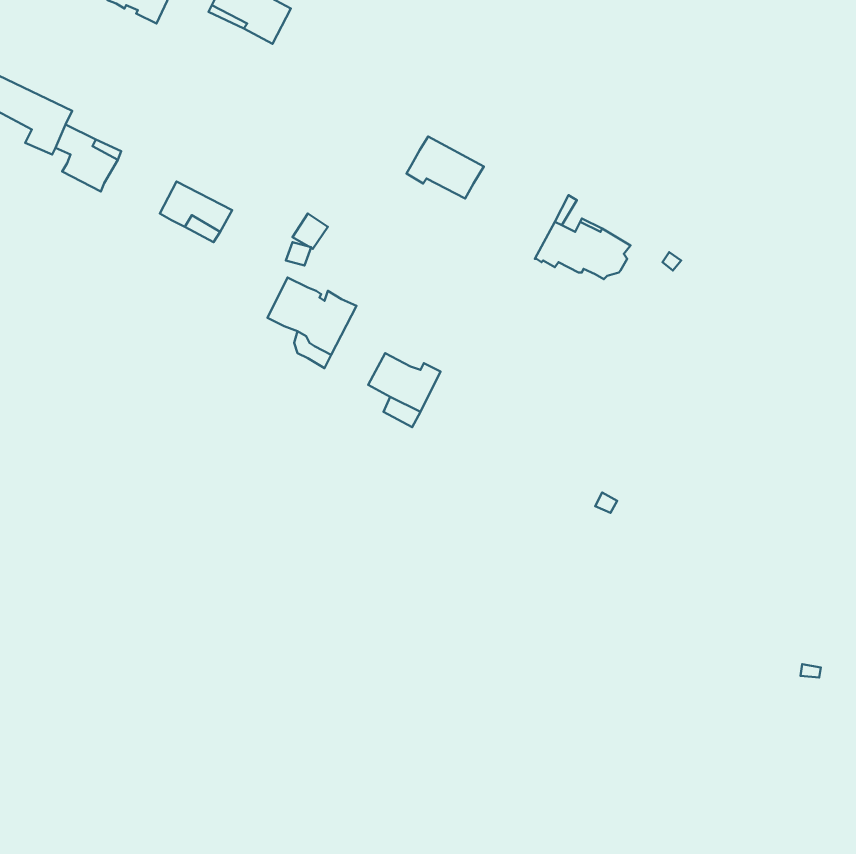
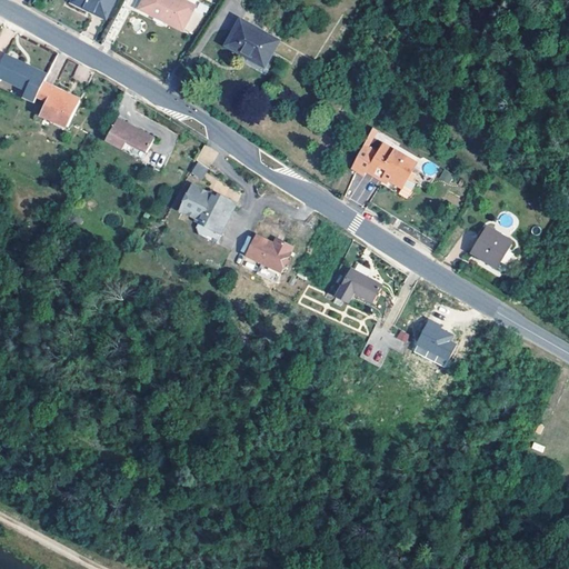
building: [406,136,484,199] -> [226,20,277,61]
building: none -> [471,226,512,267]
building: none -> [336,268,381,301]
building: none -> [410,317,457,362]

